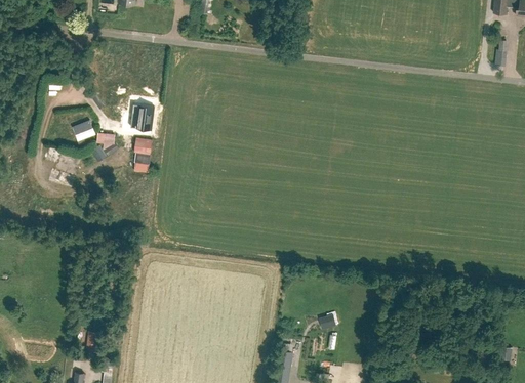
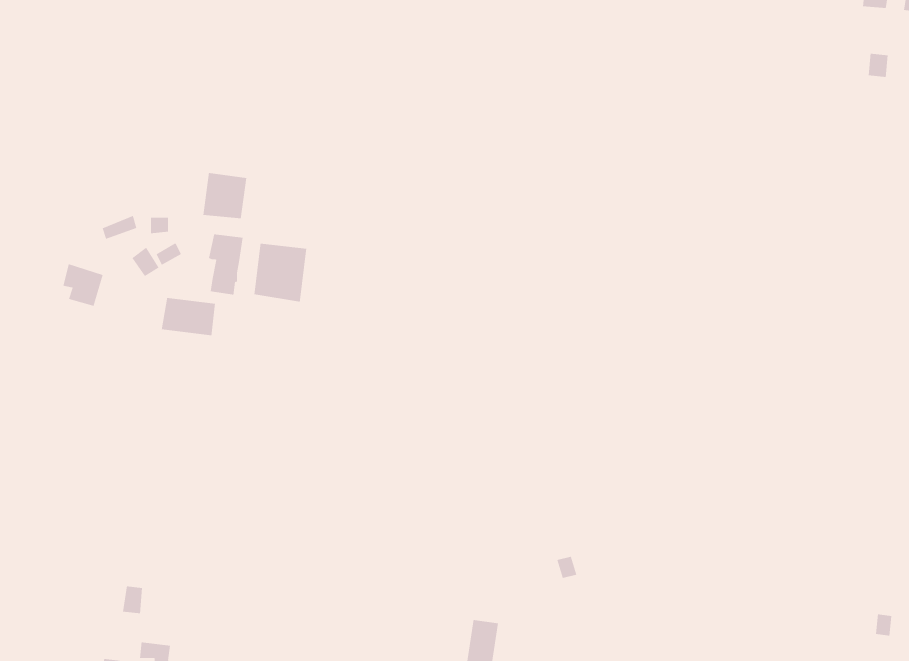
building: none -> [254,243,307,302]
building: none -> [161,297,215,336]

